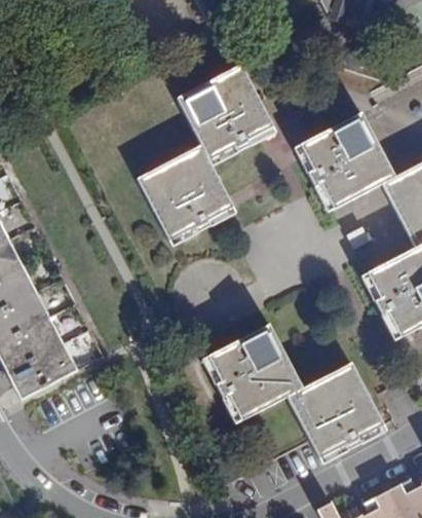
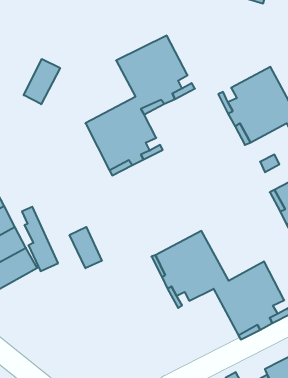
building: none -> [24,59,60,104]
building: none -> [70,227,102,268]

